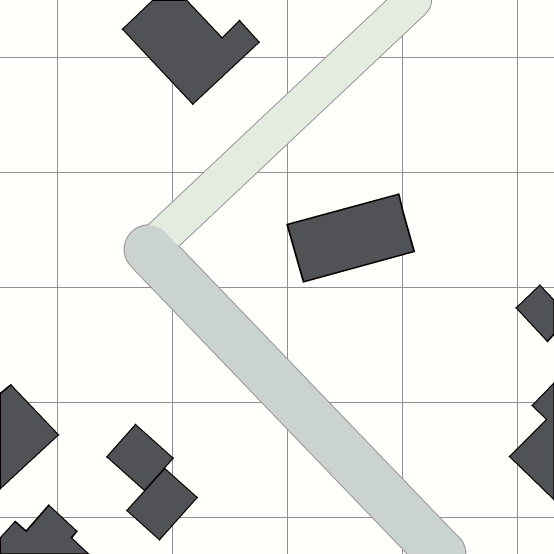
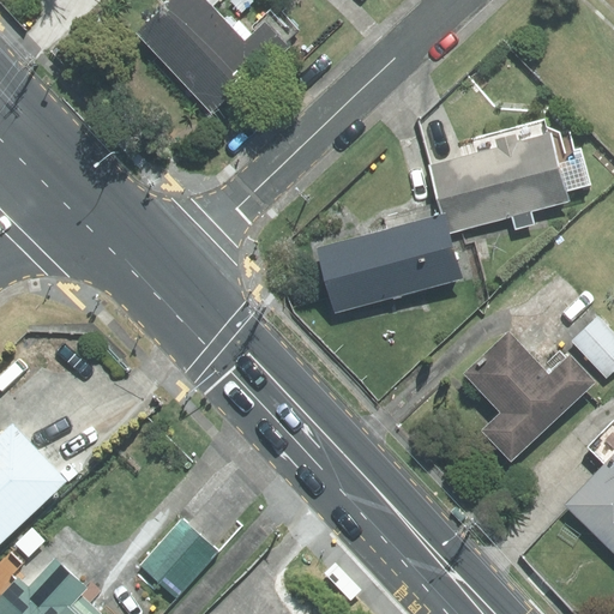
building: none -> [427,120,592,235]
building: none -> [465,333,595,460]
building: [107,424,173,490] -> none

